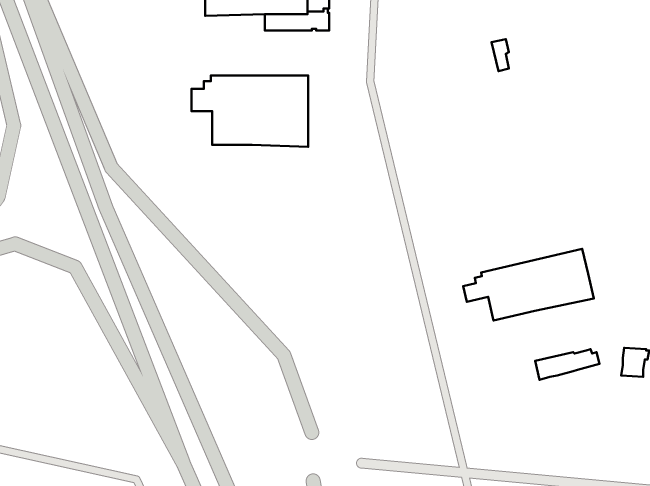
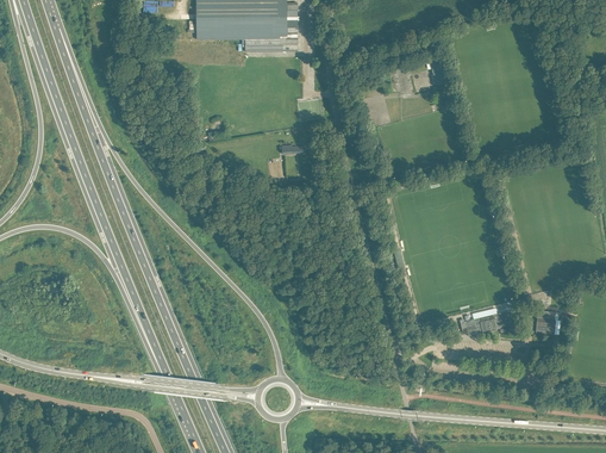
building: [192,76,308,147] -> none
building: [463,249,594,320] -> none

